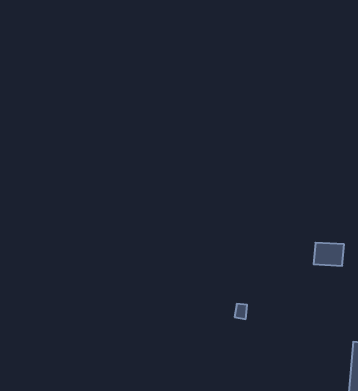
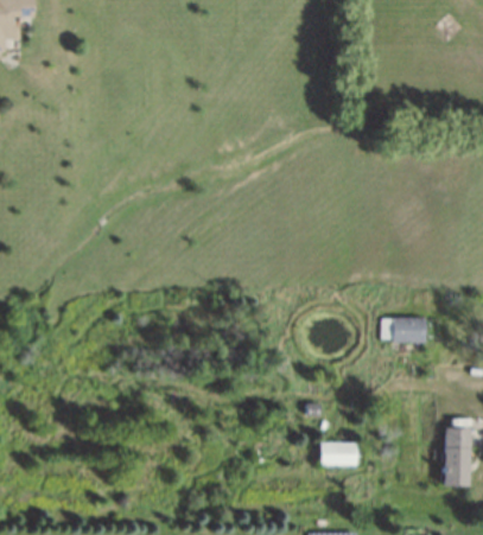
building: none -> [323,438,357,461]

